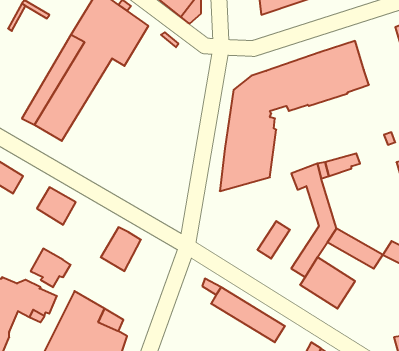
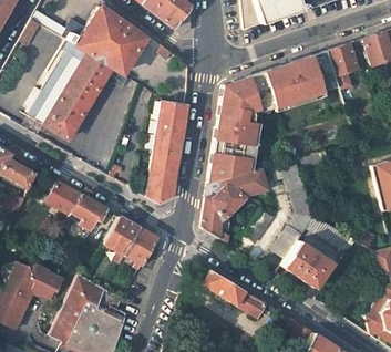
building: none -> [329,44,359,77]
building: none -> [148,103,187,205]
building: none -> [203,170,271,242]
building: none -> [125,228,157,266]
building: [31,249,71,287] -> [71,195,106,229]

